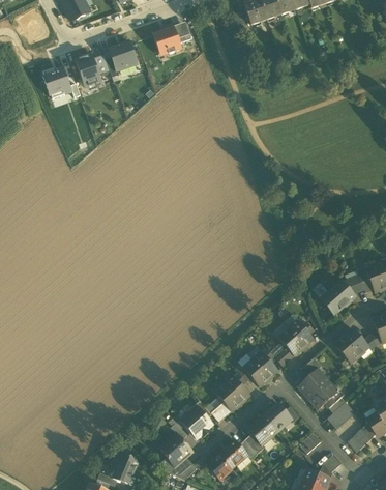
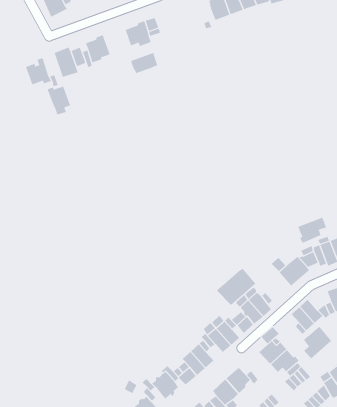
building: none -> [131,52,158,74]
building: none -> [47,86,71,115]
building: none -> [298,217,327,243]
building: none -> [216,268,256,306]
building: none -> [298,326,332,359]

